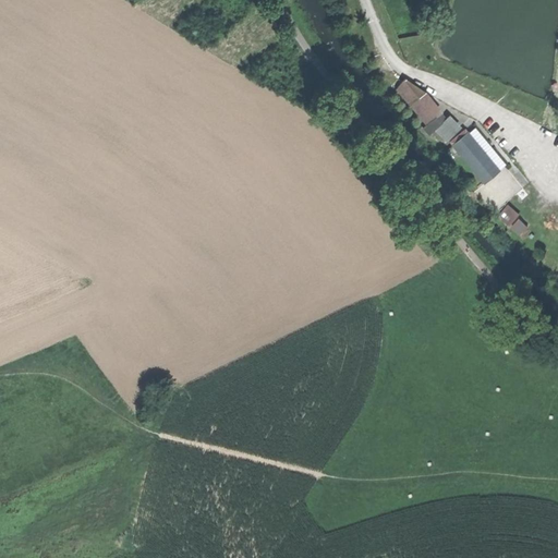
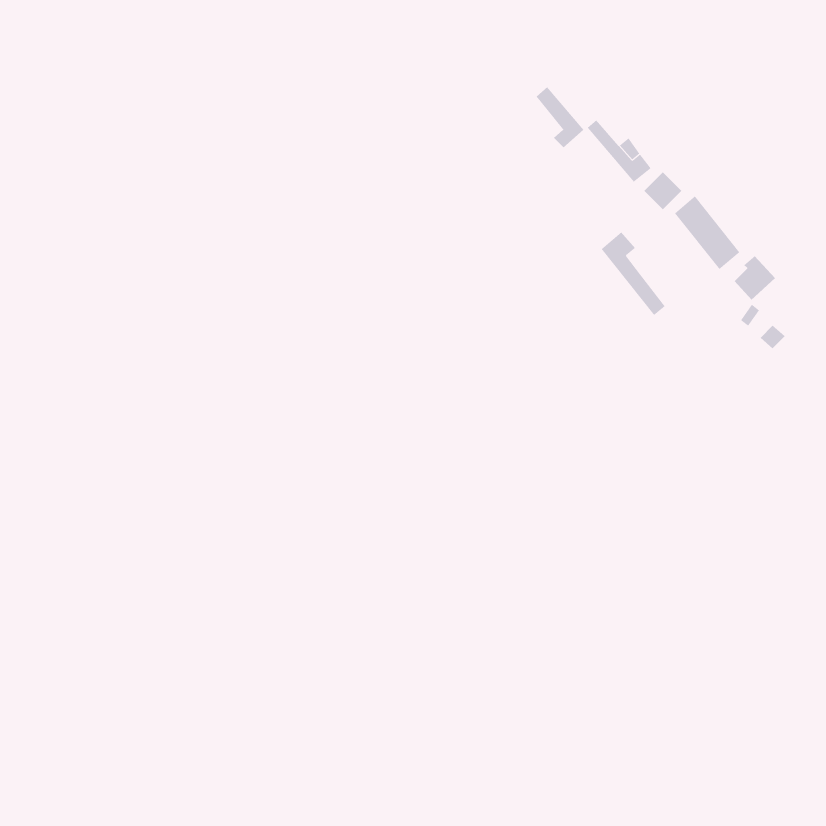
building: none -> [536,87,584,148]
building: none -> [601,232,666,316]

